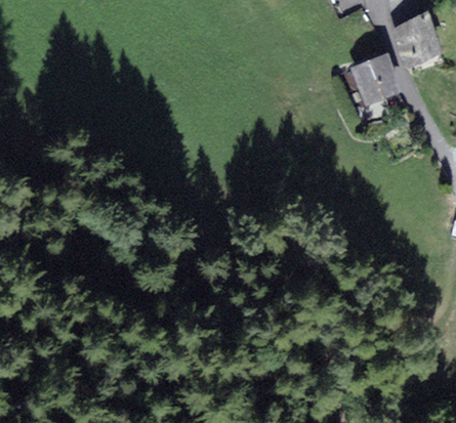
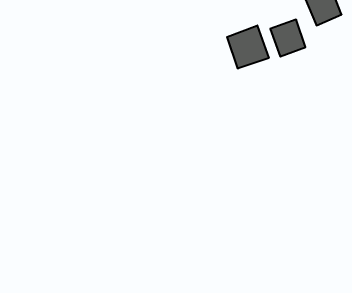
building: none -> [227,25,269,69]

